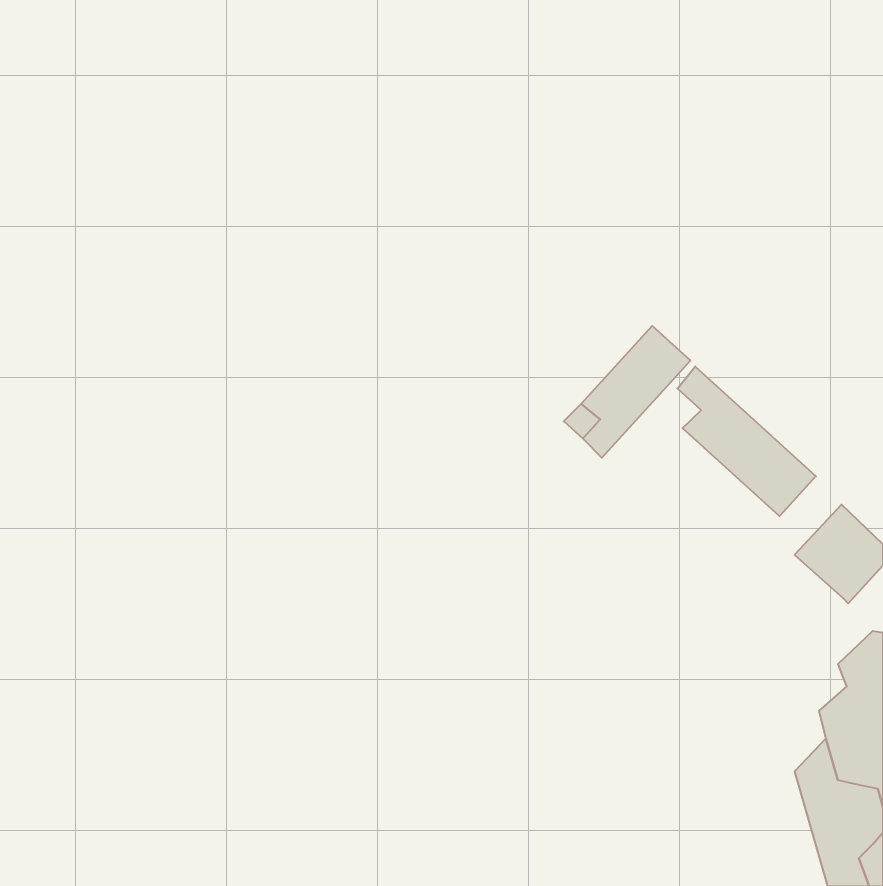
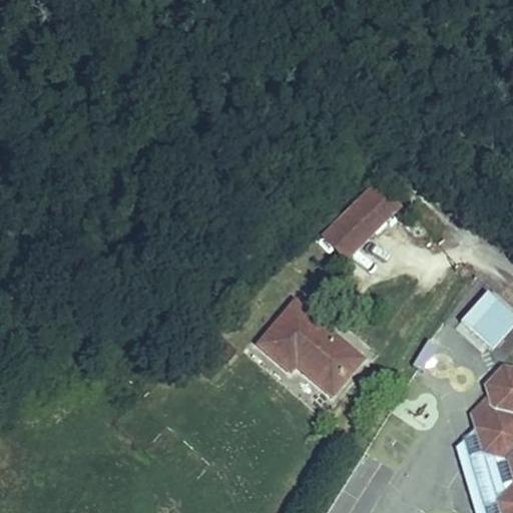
building: [677,366,816,516] -> none
building: none -> [258,295,364,391]

